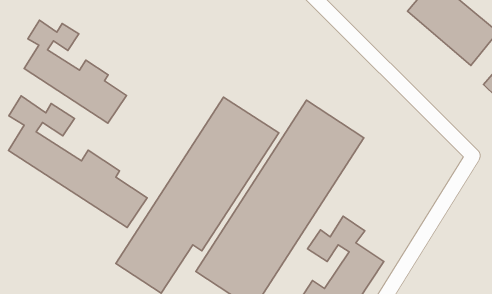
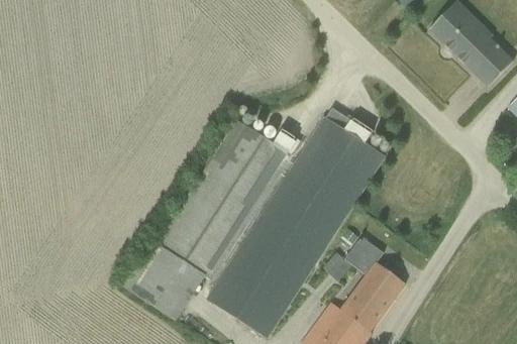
building: [24,20,126,123] -> none
building: [8,96,147,228] -> none

